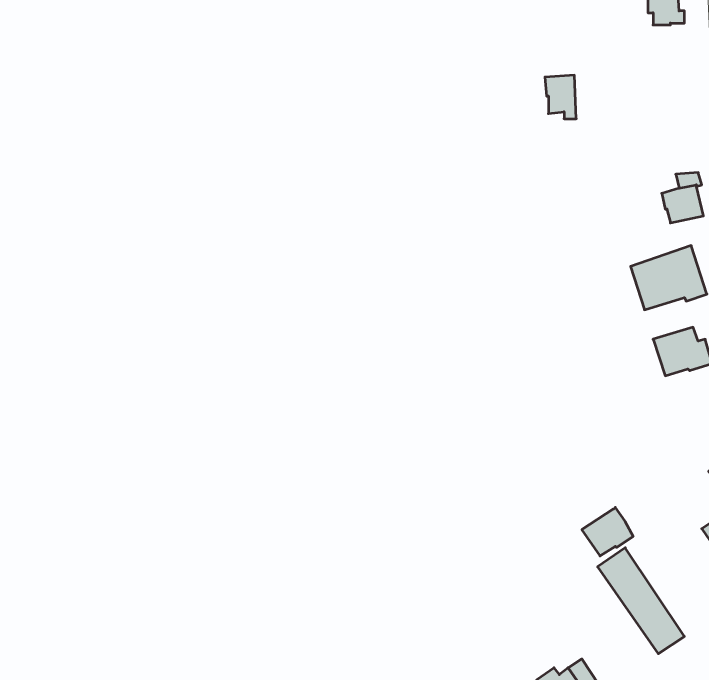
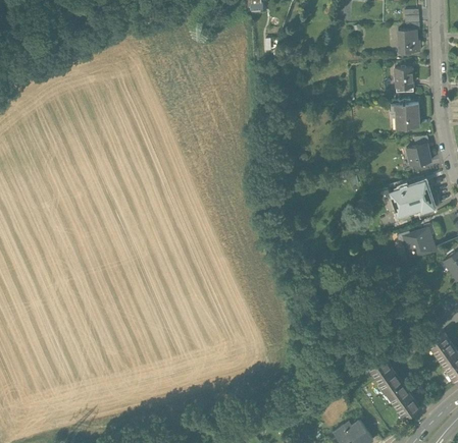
building: [545,75,576,119] -> [395,68,413,94]
building: none -> [392,106,420,131]
building: [582,507,633,556] -> none

